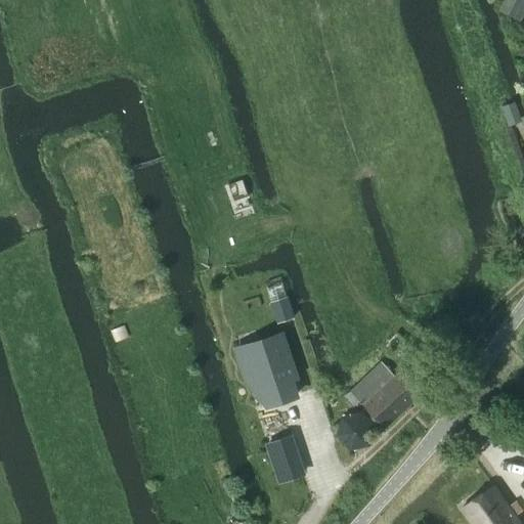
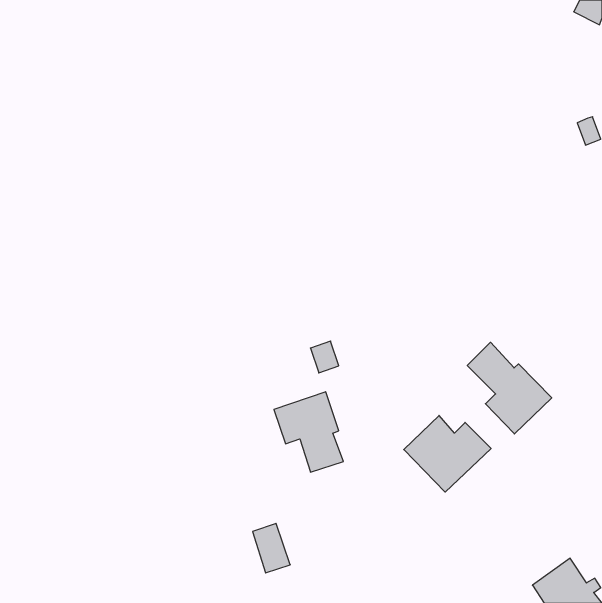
building: none -> [467,342,552,434]
building: [268,437,301,480] -> [253,523,290,573]

